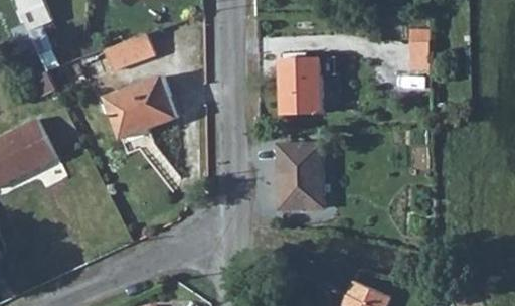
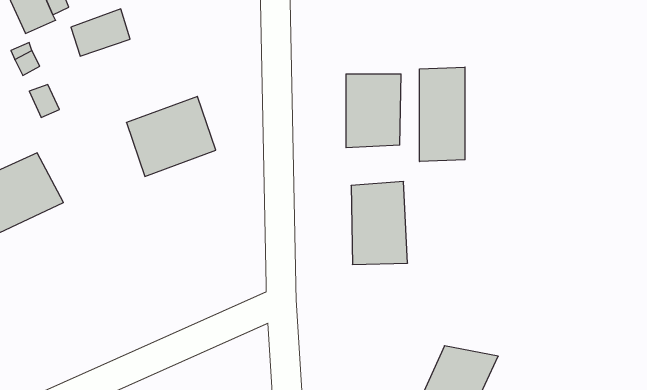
building: [409,27,431,68] -> none
building: [109,33,154,69] -> [71,9,130,56]
building: none -> [420,67,465,162]

